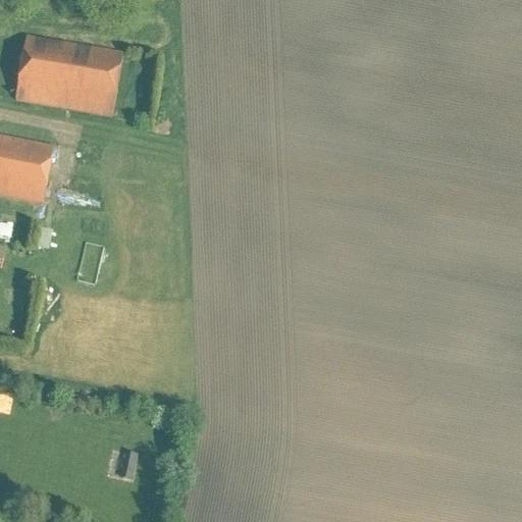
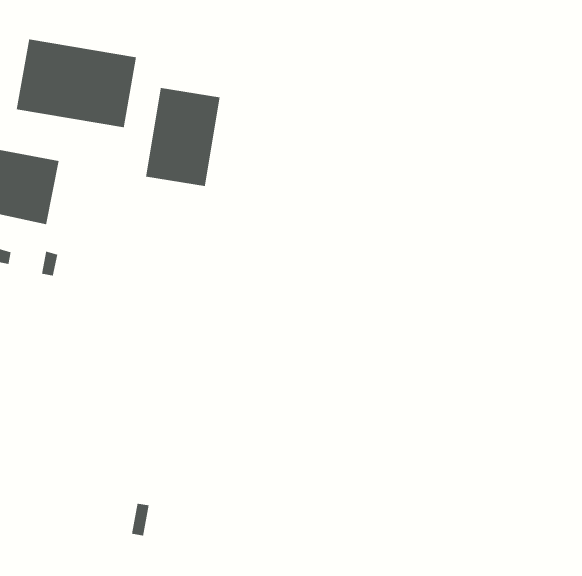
building: none -> [145,87,220,187]

